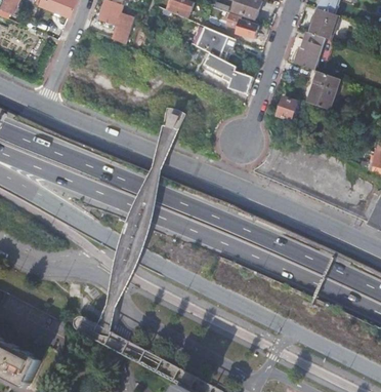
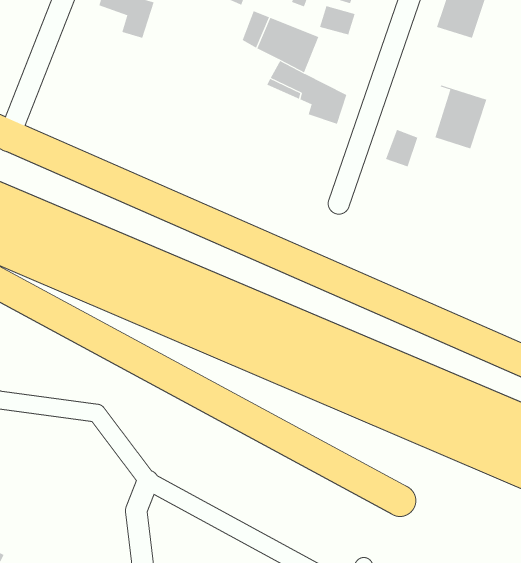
building: [293,31,333,70] -> none

